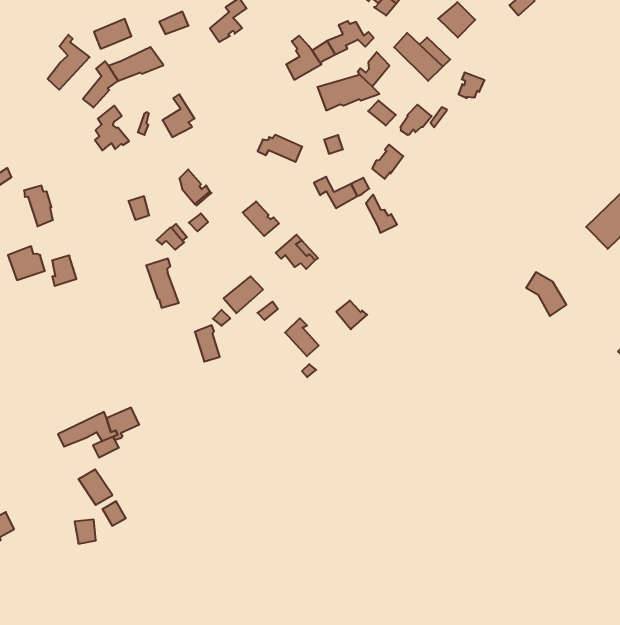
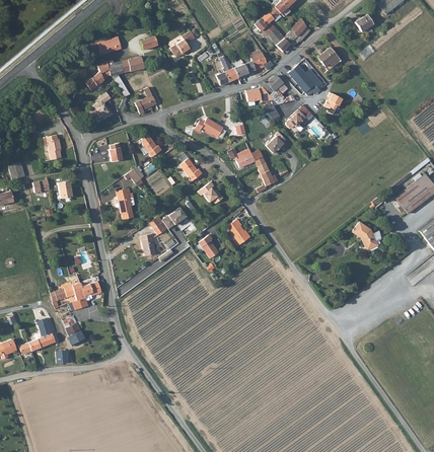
building: [48,35,90,90] -> none
building: none -> [19,319,56,354]

